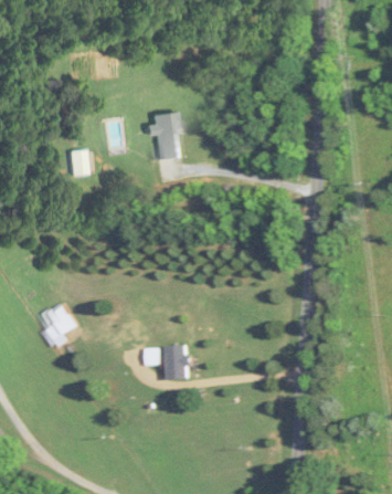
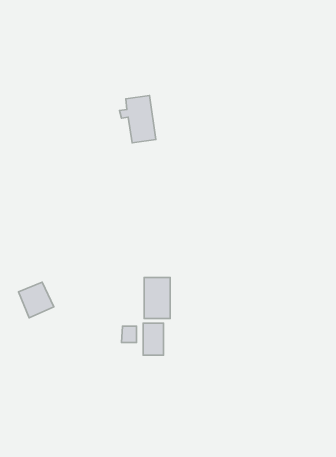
building: [66,149,86,178] -> none
building: none -> [144,278,170,318]

